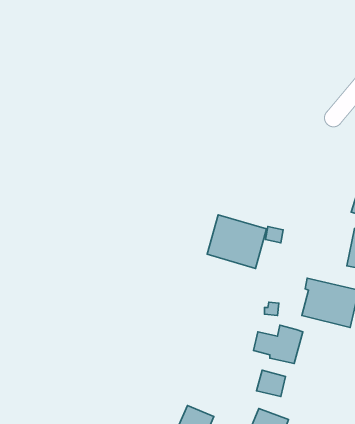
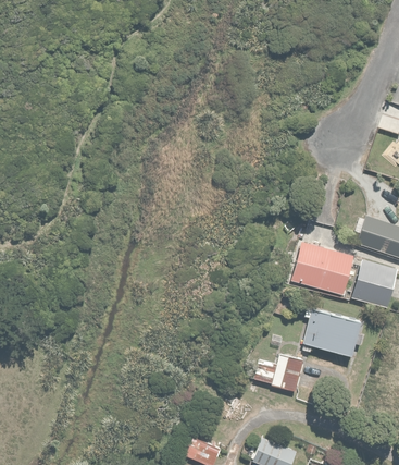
building: [207,215,267,268] -> [290,240,349,293]
building: [257,370,286,396] -> none

